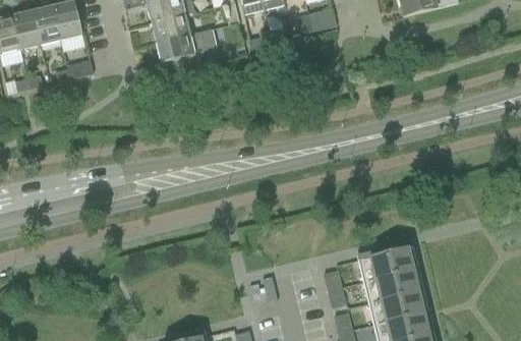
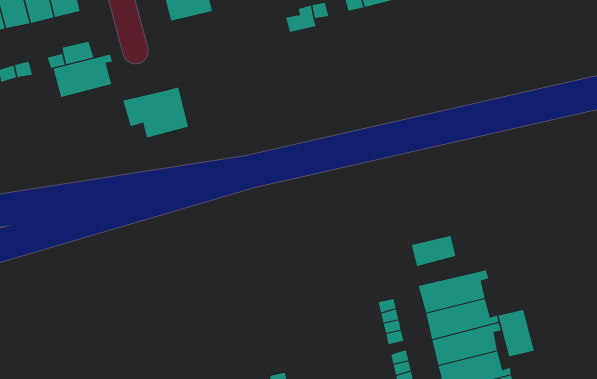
building: [156,32,210,73] -> [123,87,189,138]
building: none -> [53,54,113,98]
building: none -> [411,235,456,267]
building: none -> [498,309,534,357]

